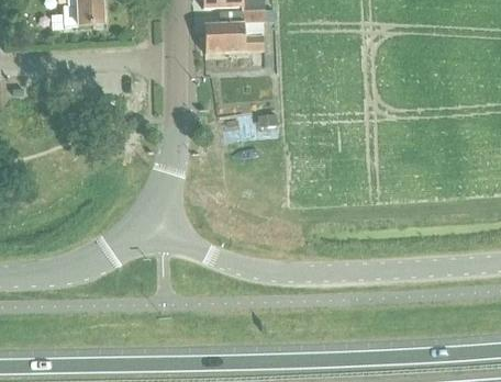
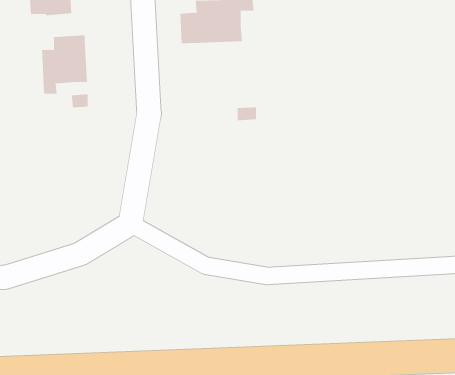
building: none -> [41,35,88,94]

